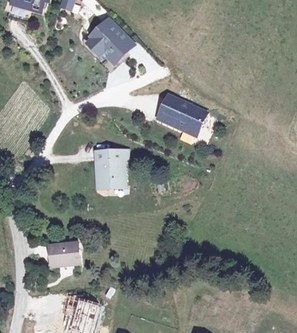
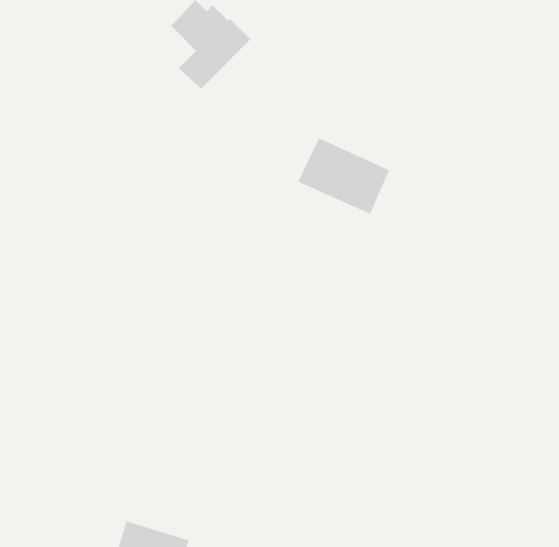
building: [96,150,127,187] -> none
building: [49,242,80,264] -> none

